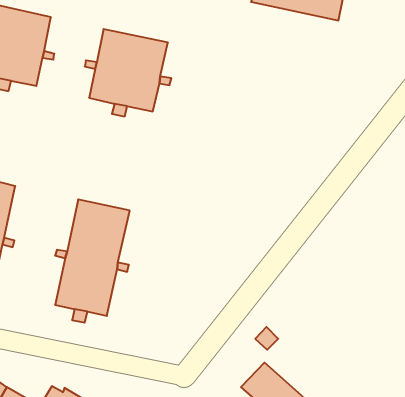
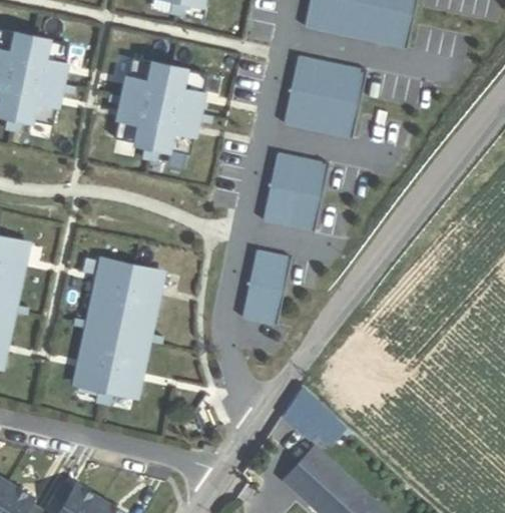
building: none -> [283,56,366,138]
building: none -> [262,153,329,231]
building: none -> [239,249,290,328]

